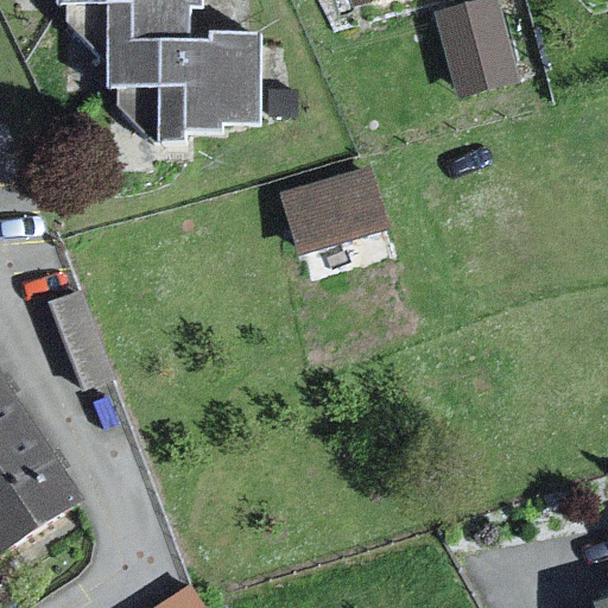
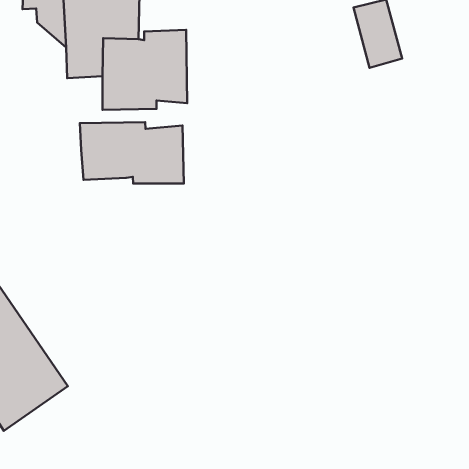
building: none -> [80,122,184,184]
building: [287,166,390,241] -> none

